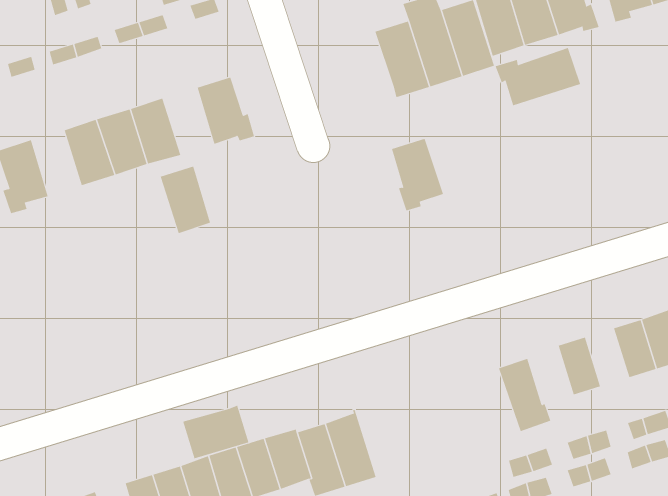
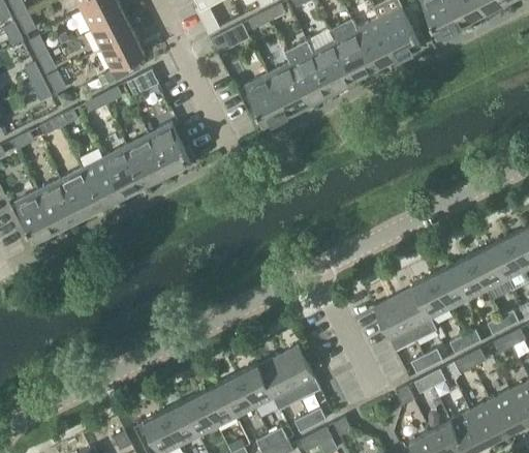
building: [495,47,581,106] -> none
building: none -> [38,180,79,229]
building: [391,138,444,211] -> [245,74,287,128]
building: [160,166,211,234] -> [126,134,167,184]
building: none -> [452,256,487,299]
building: none -> [412,275,449,319]
building: none -> [372,298,416,351]
building: [183,405,249,459] -> none

